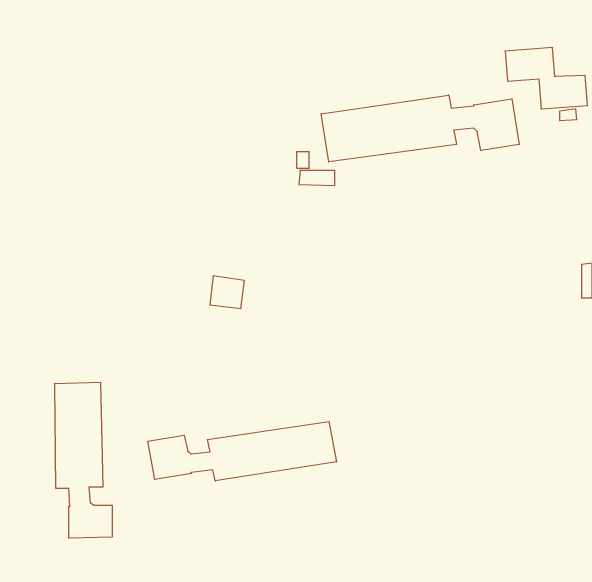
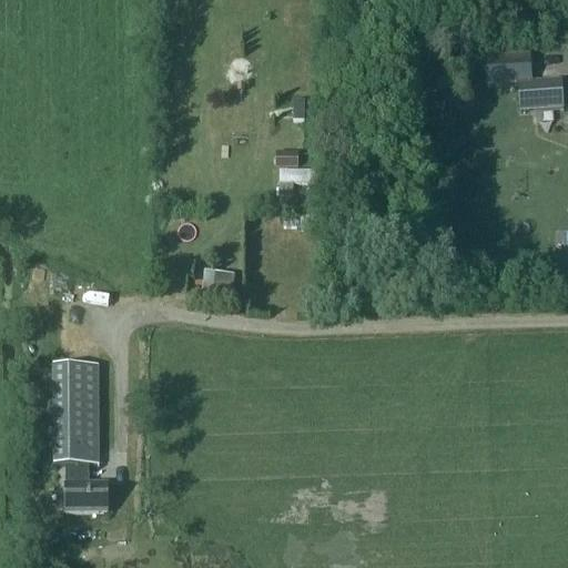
building: [321,95,519,162] -> none
building: [148,422,336,481] -> none

